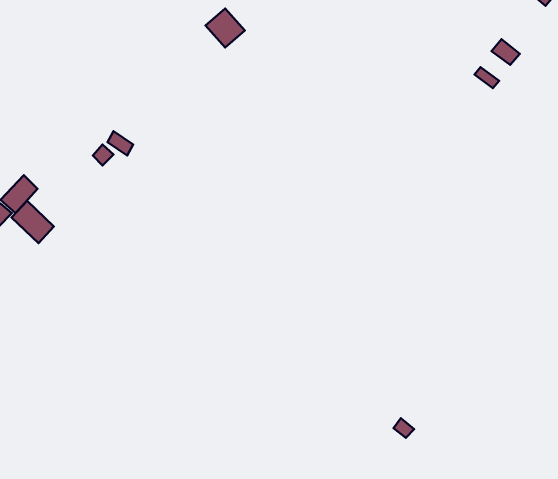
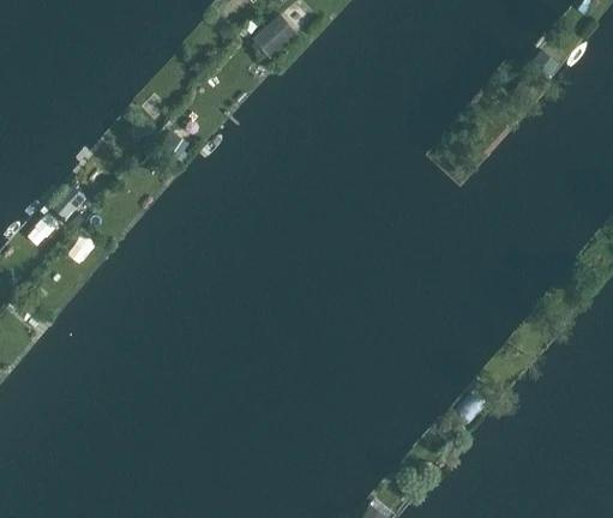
building: [12,201,54,243] -> none

